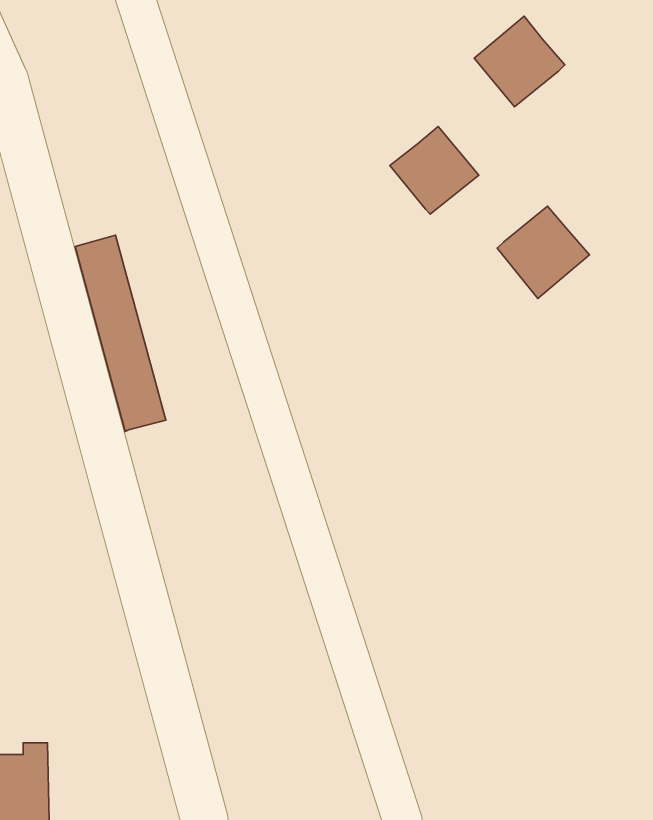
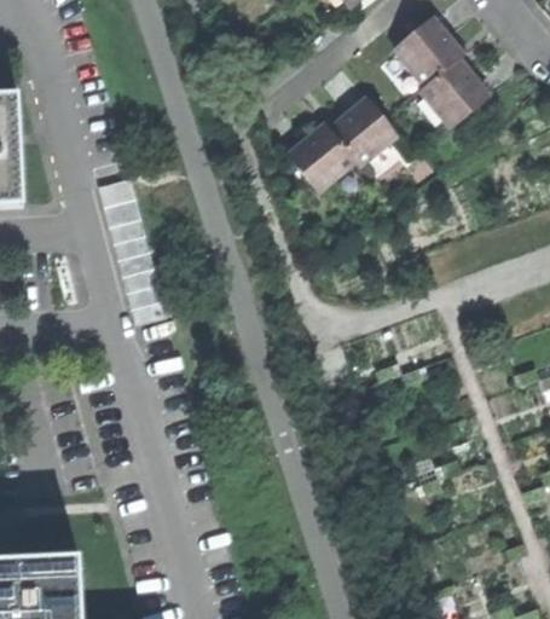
building: none -> [291,125,359,191]
building: [497,206,590,299] -> [421,57,490,126]

